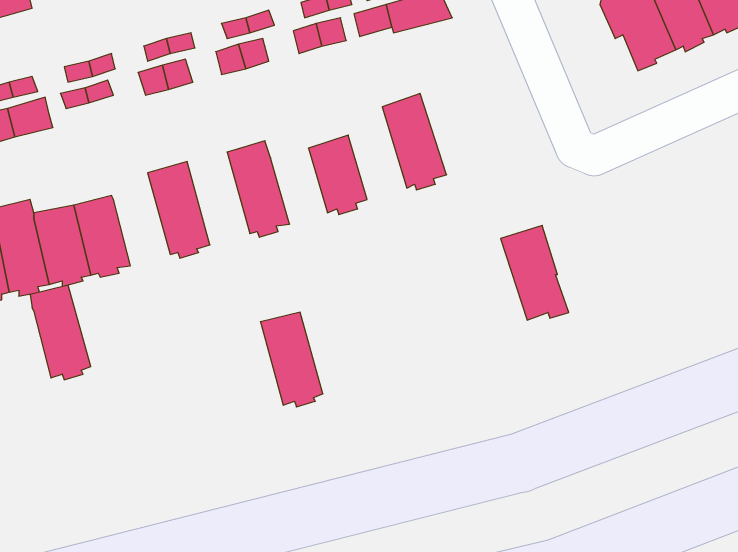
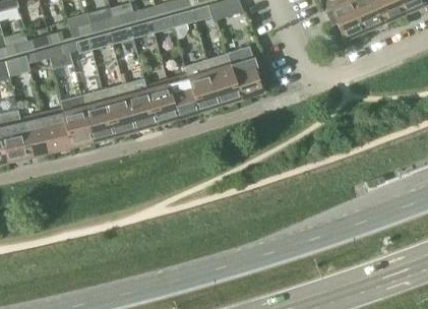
building: none -> [185,59,220,110]
building: none -> [146,81,177,122]
building: [501,225,569,320] -> [227,45,263,96]
building: [30,285,91,380] -> [60,95,93,145]
building: [260,312,323,407] -> [102,83,135,134]

